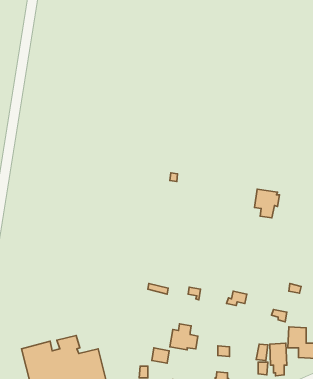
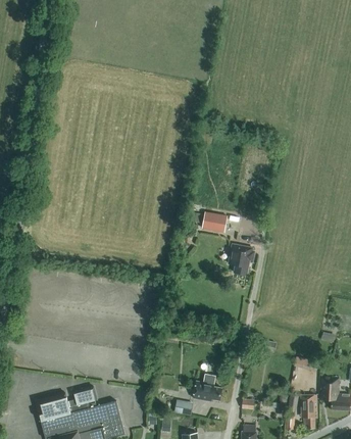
building: none -> [202,211,228,232]
building: [254,189,279,218] -> [227,244,253,275]

